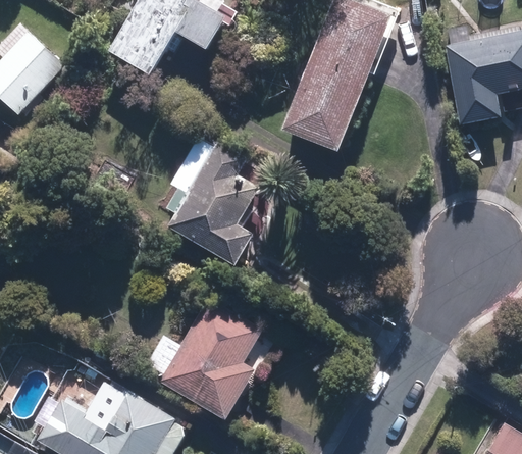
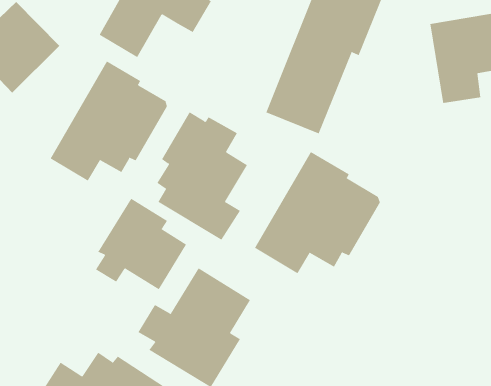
building: none -> [50,60,168,182]
building: none -> [254,151,381,274]
building: none -> [95,198,187,290]

